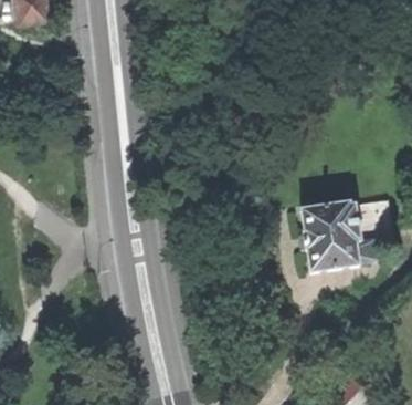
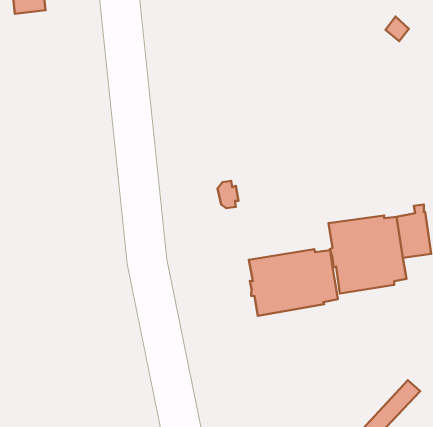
building: none -> [249,249,338,316]

